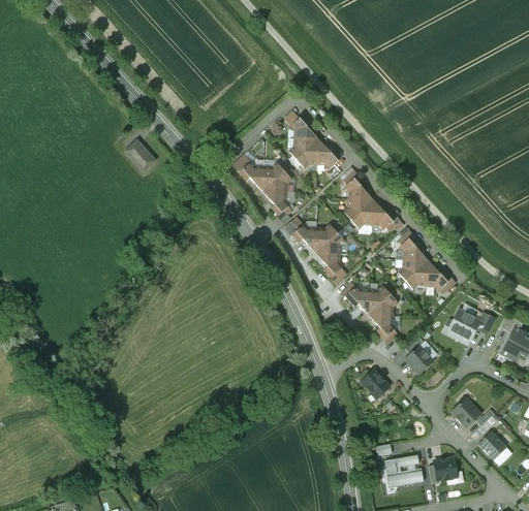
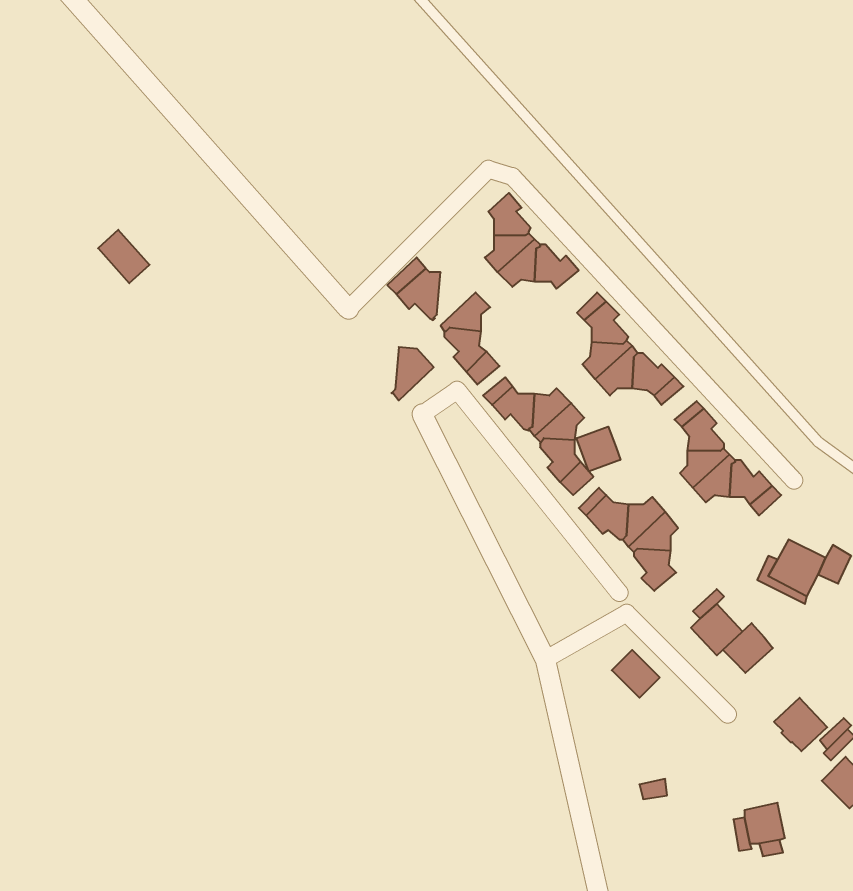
building: [125,140,154,170] -> [98,230,150,283]
building: [259,159,283,189] -> [391,347,434,400]
building: none -> [577,427,620,471]
building: none -> [723,623,773,673]
building: [384,455,421,486] -> none

